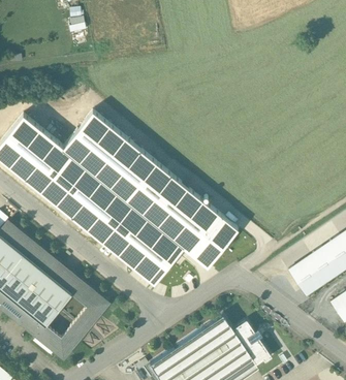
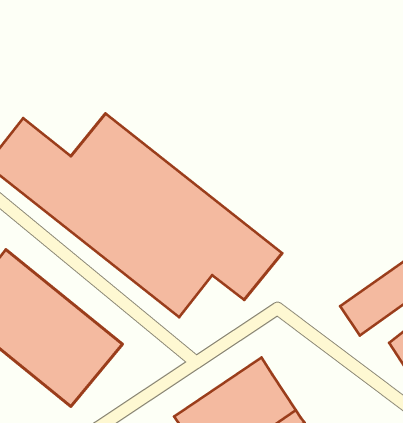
building: [232,319,272,365] -> none

